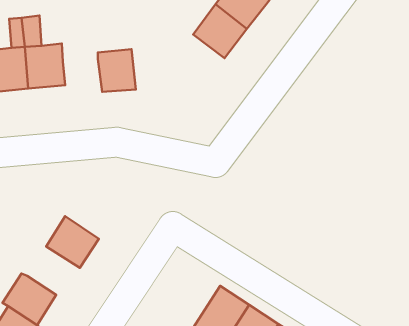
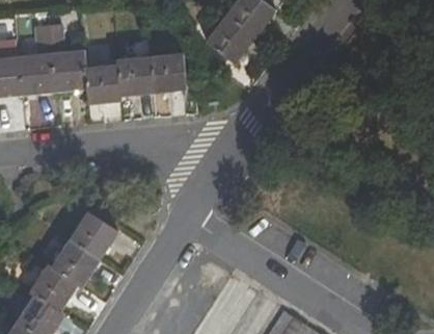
building: none -> [147,53,186,94]
building: none -> [84,66,120,104]
building: none -> [51,239,100,287]

